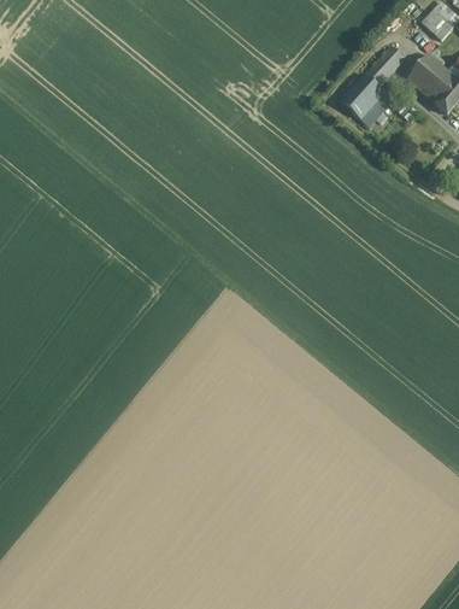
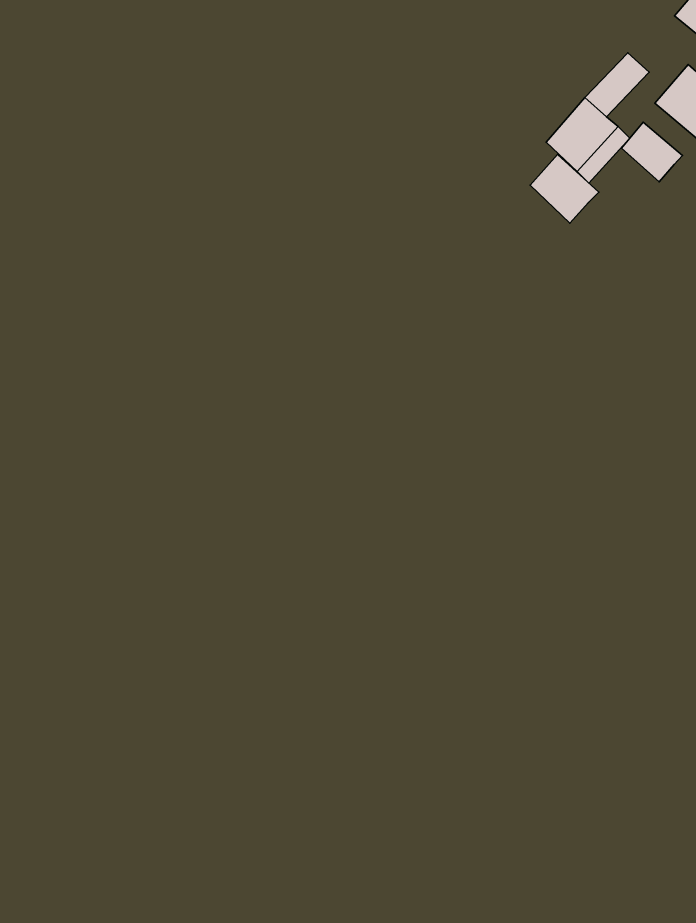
building: none -> [622,122,682,182]
building: none -> [530,155,599,223]

